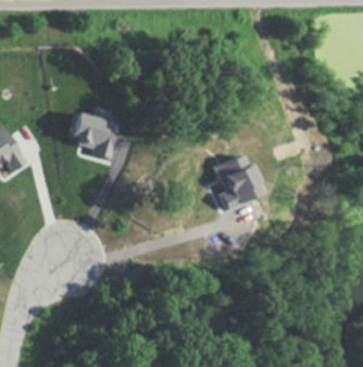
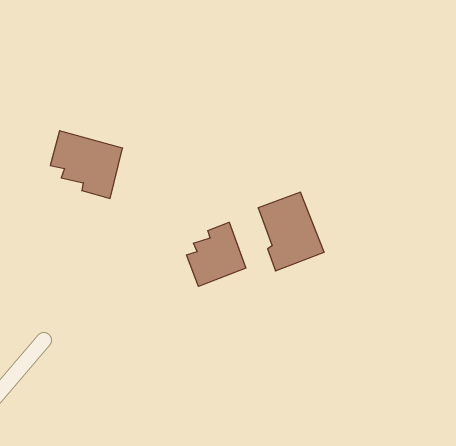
building: none -> [186,222,246,286]

